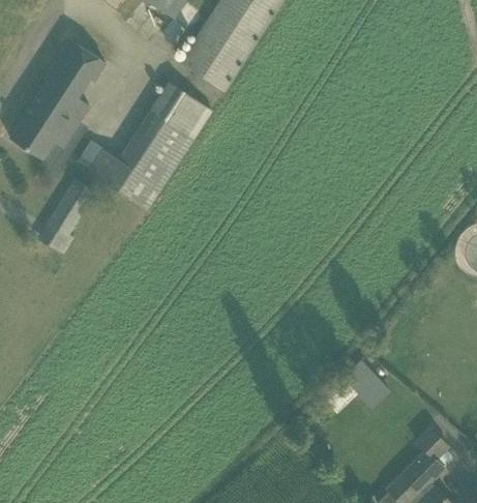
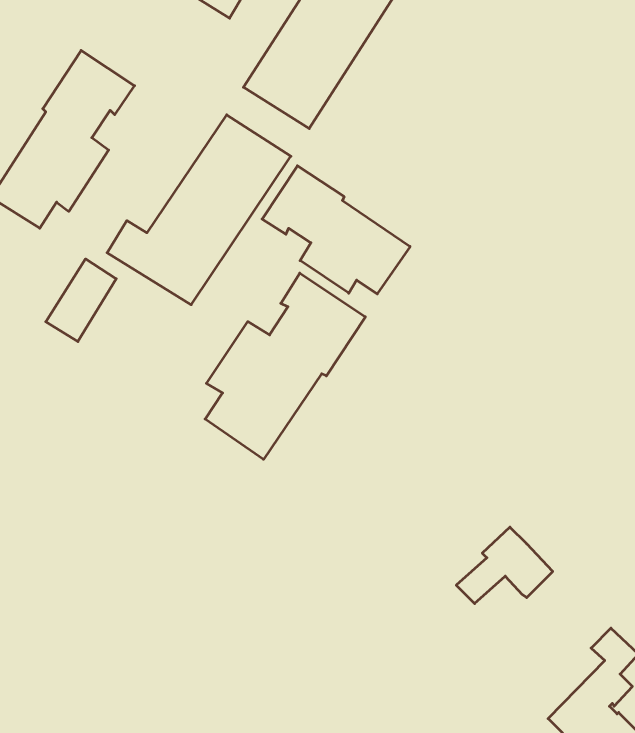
building: none -> [262,166,410,294]
building: none -> [205,273,365,459]

